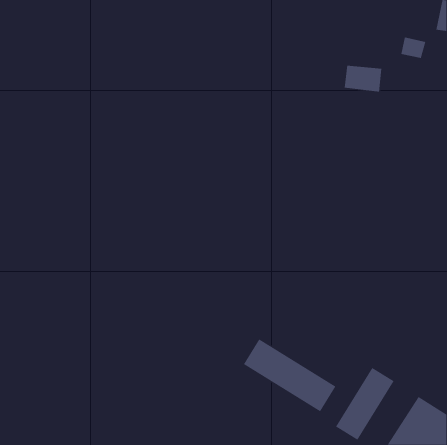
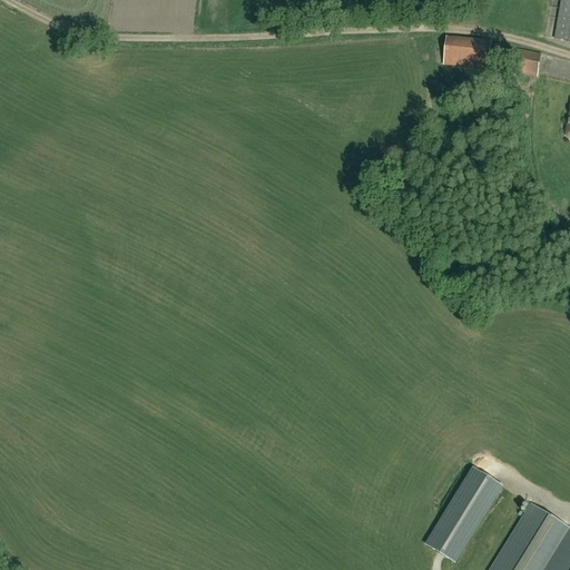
building: [344,65,382,92] -> [443,35,492,69]
building: [243,339,336,412] -> none

